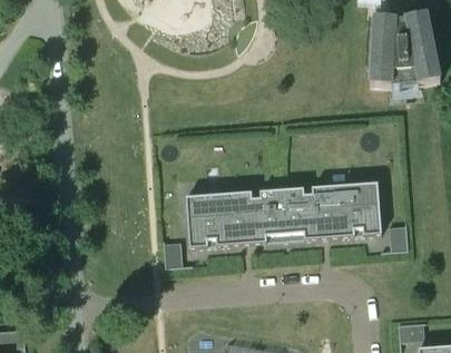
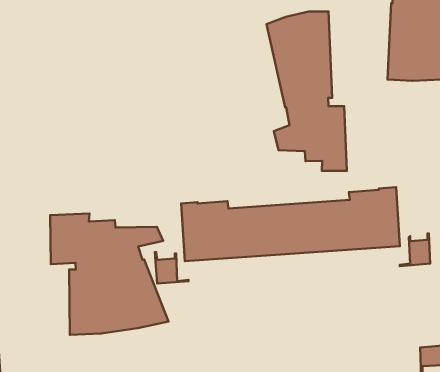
building: none -> [267,12,347,171]
building: none -> [50,214,169,335]

